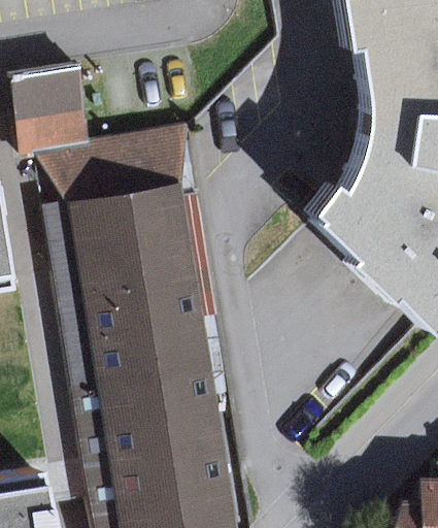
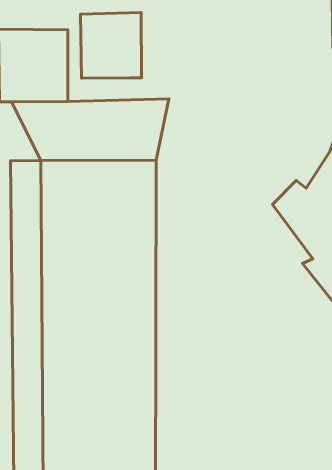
building: none -> [81,13,141,78]

